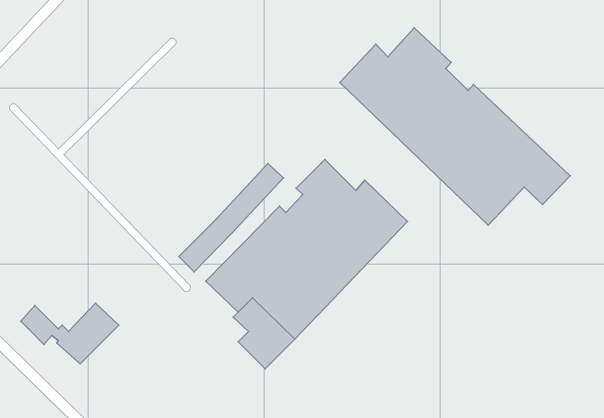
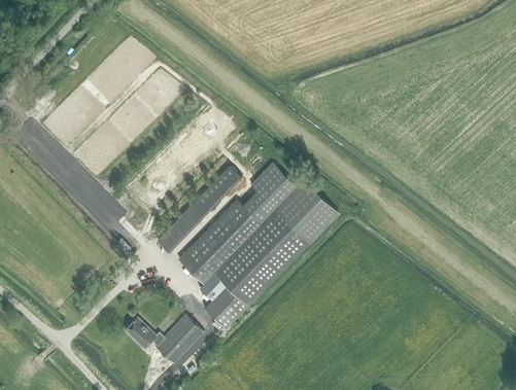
building: [340,28,570,225] -> none
building: [21,303,119,364] -> [126,314,204,362]

